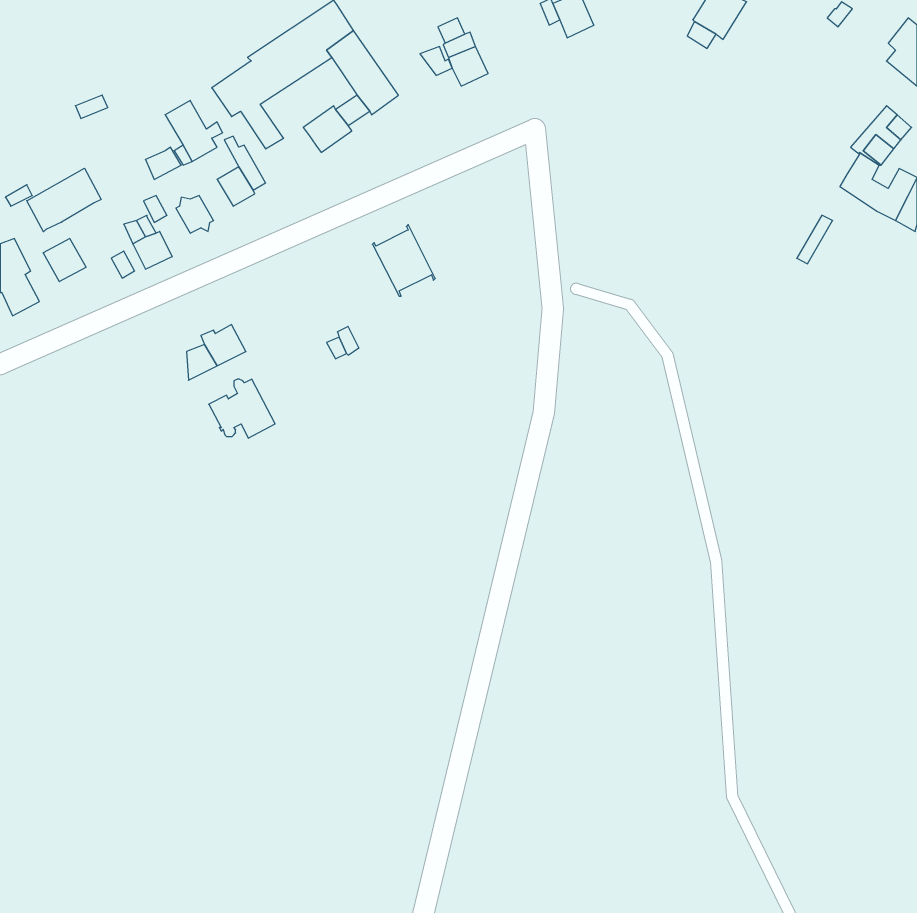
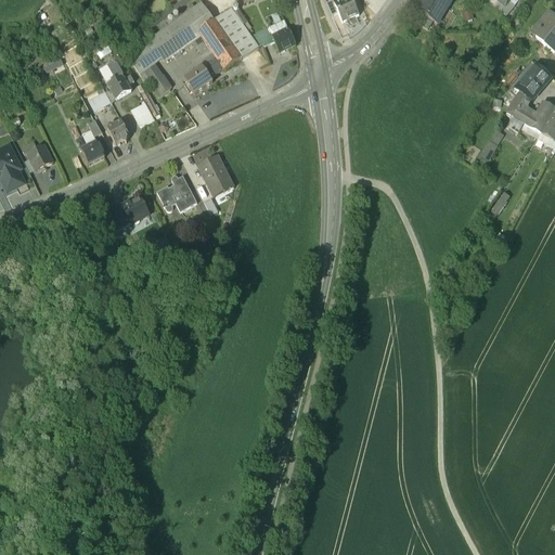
building: none -> [214,7,258,57]
building: [27,168,101,232] -> none
building: [372,225,435,296] -> [196,153,234,196]
building: [209,379,275,438] -> [156,175,196,210]

